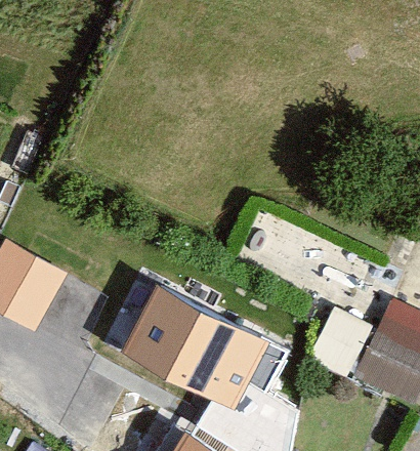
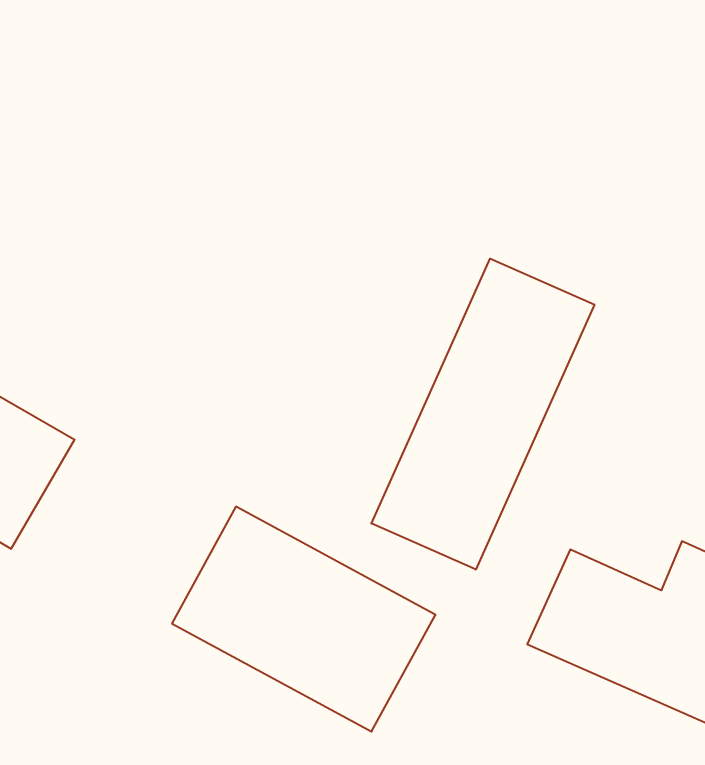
building: none -> [371,259,594,570]

